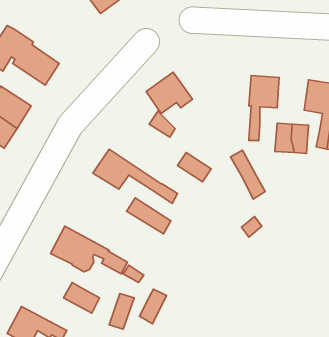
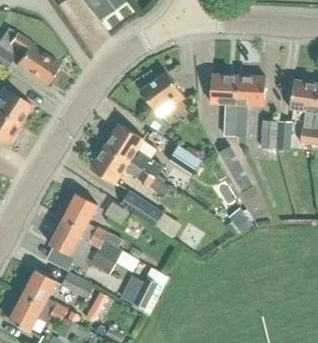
building: none -> [210,74,239,137]
building: none -> [105,122,161,178]
building: none -> [63,193,109,240]
building: none -> [22,268,69,316]

